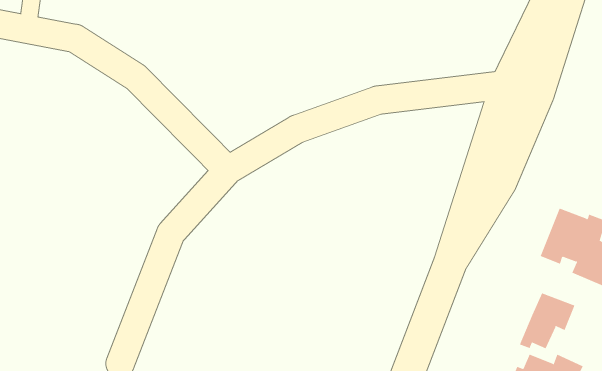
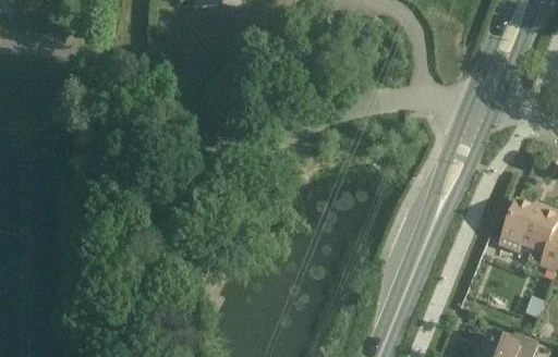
building: [519,292,575,349] -> none

